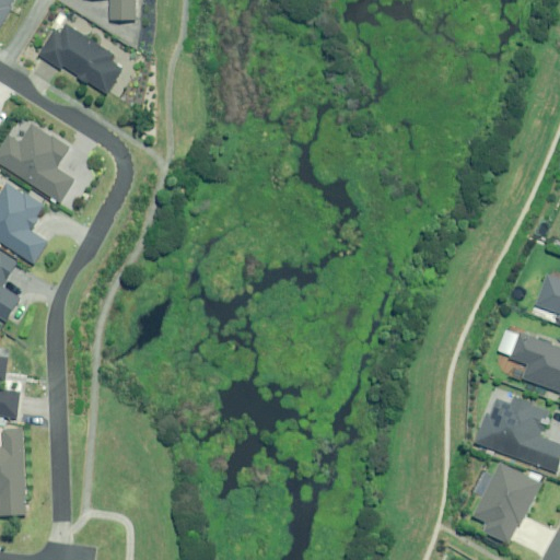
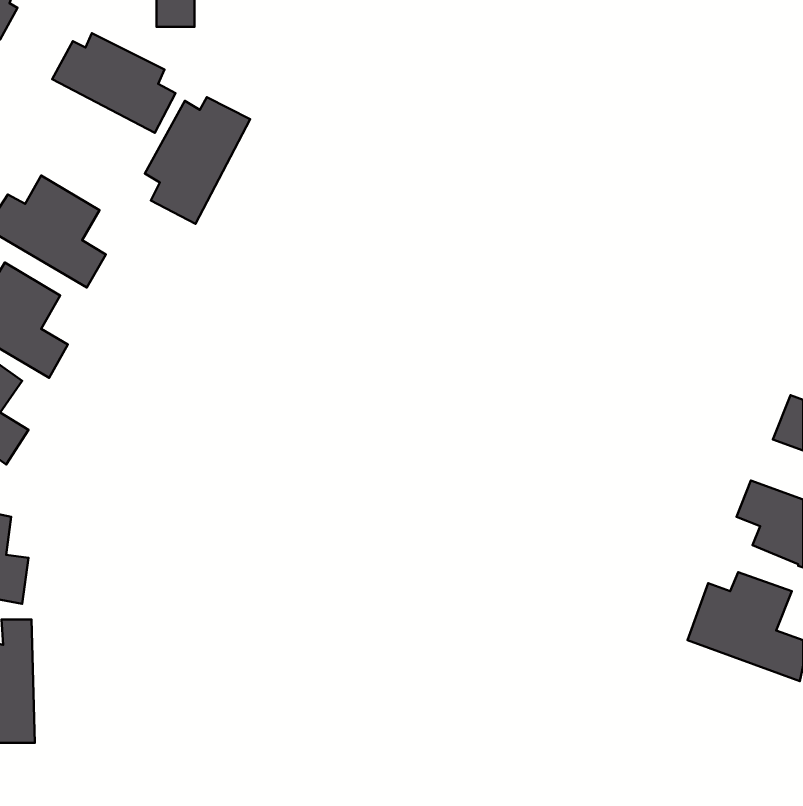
building: none -> [145,97,250,224]
building: [472,464,539,545] -> none

